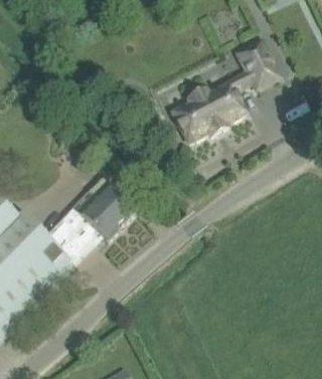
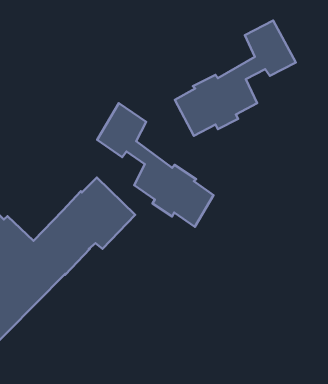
building: none -> [97,103,214,227]

